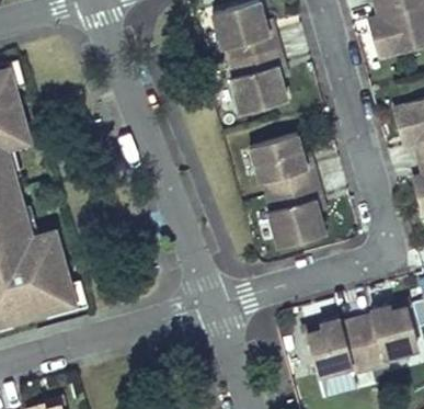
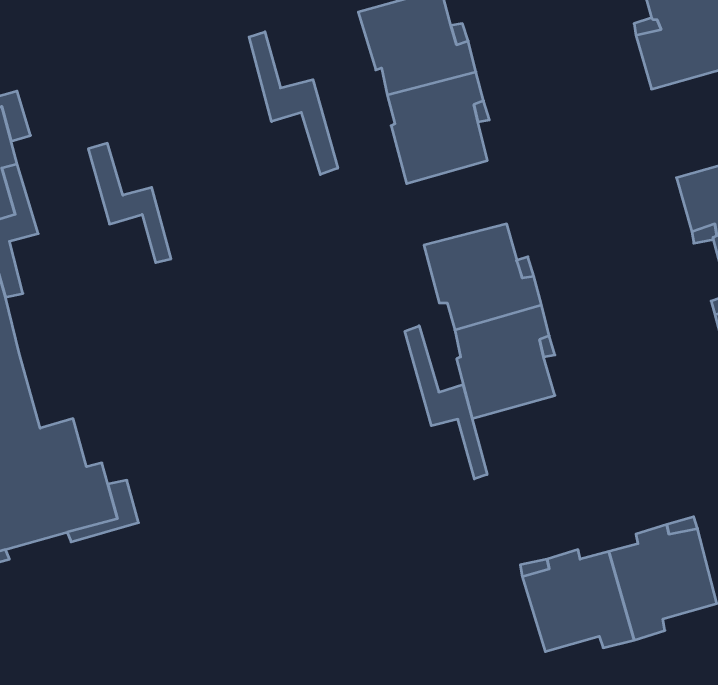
building: none -> [249,32,338,175]
building: none -> [405,326,487,479]
building: [20,205,67,273] -> [88,143,171,263]

